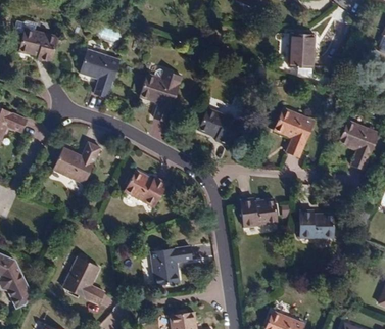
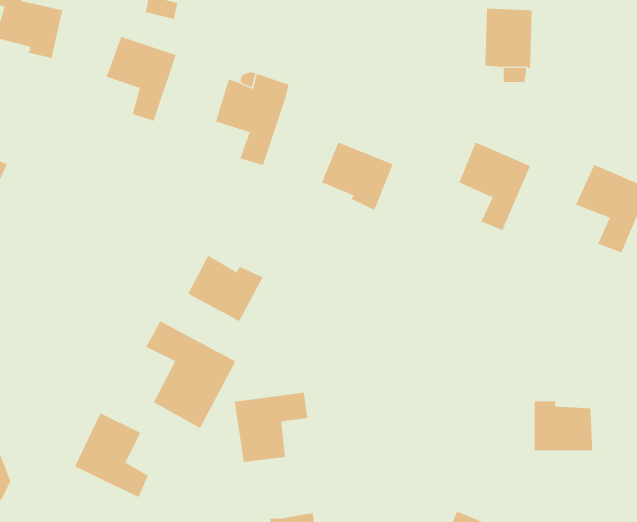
building: [53,141,100,184] -> none
building: [240,197,277,227] -> none
building: none -> [146,320,236,429]
building: [300,209,333,237] -> [534,401,593,451]

